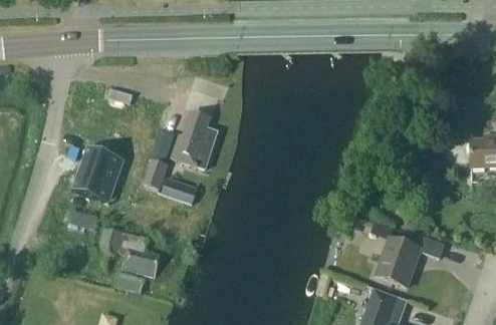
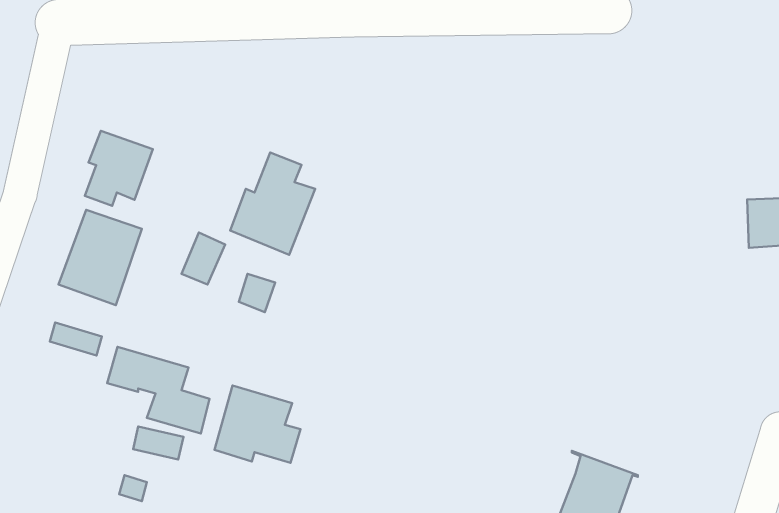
building: none -> [85,131,153,206]
building: [376,233,443,285] -> none
building: none -> [214,386,301,463]

